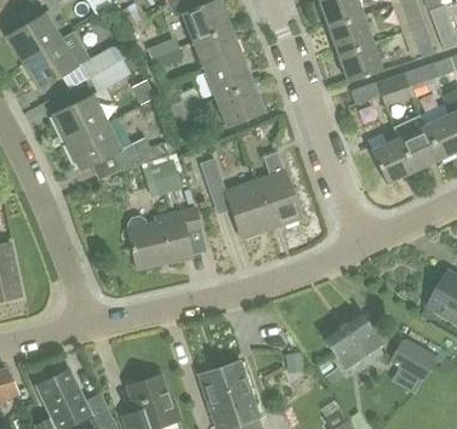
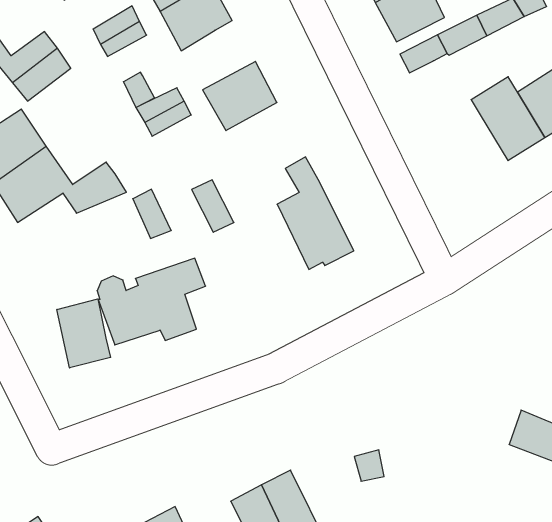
building: [204,55,252,98] -> none
building: [371,138,412,183] -> none
building: [224,181,270,240] -> none
building: none -> [57,299,111,368]
building: [322,311,379,370] -> none

